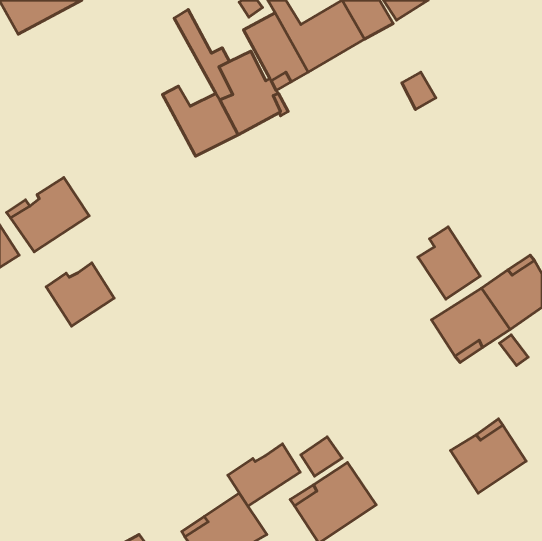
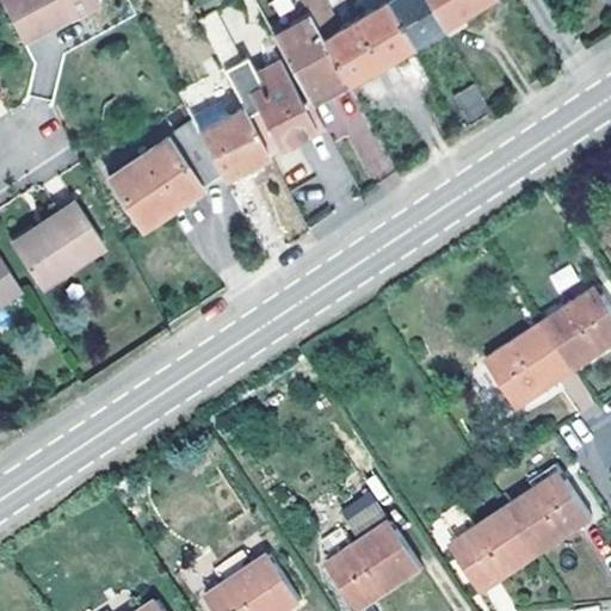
building: none -> [106,122,218,228]
building: [418,227,480,299] -> none
building: [46,263,114,326] -> none
building: [228,444,300,506] -> none
building: none -> [433,506,537,594]

